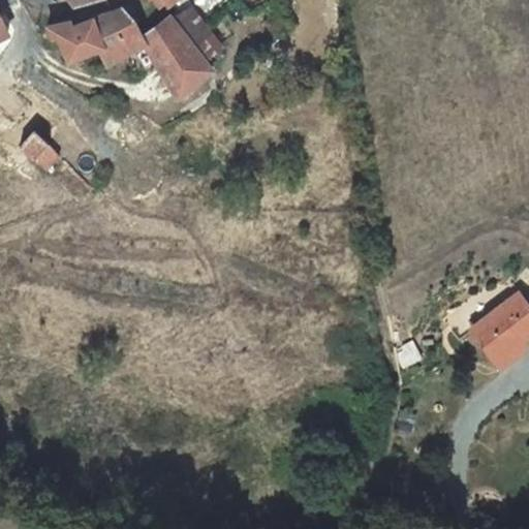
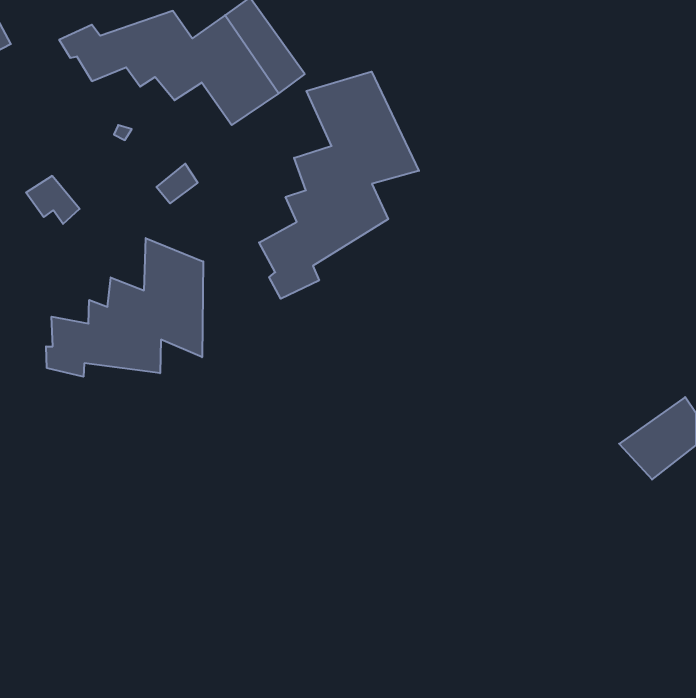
building: none -> [259,72,419,299]
building: none -> [46,238,203,377]

